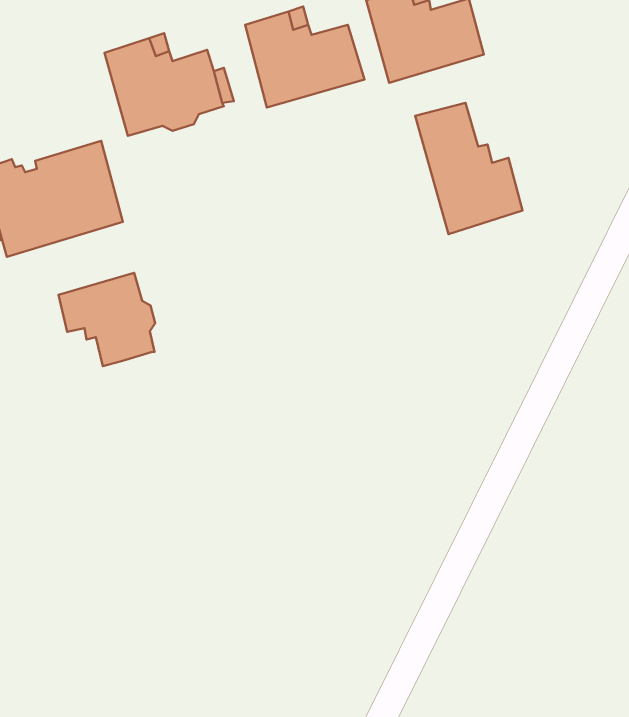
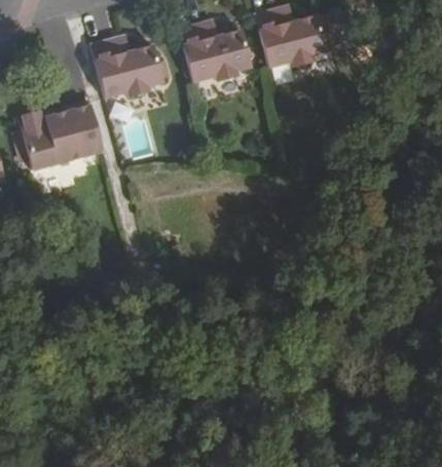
building: [415,103,523,234] -> none
building: [58,273,155,366] -> none

